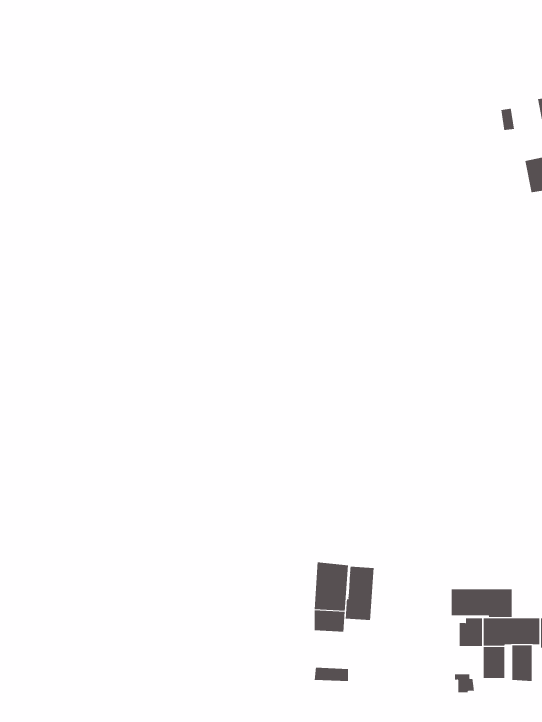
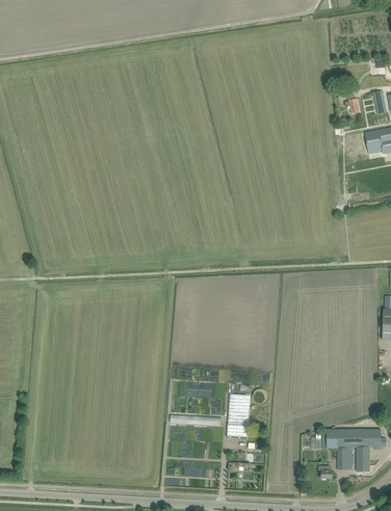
building: [345,566,374,621] -> none
building: [451,589,512,618] -> none

